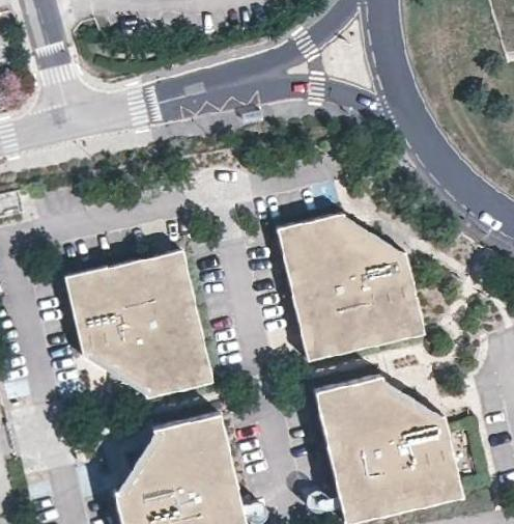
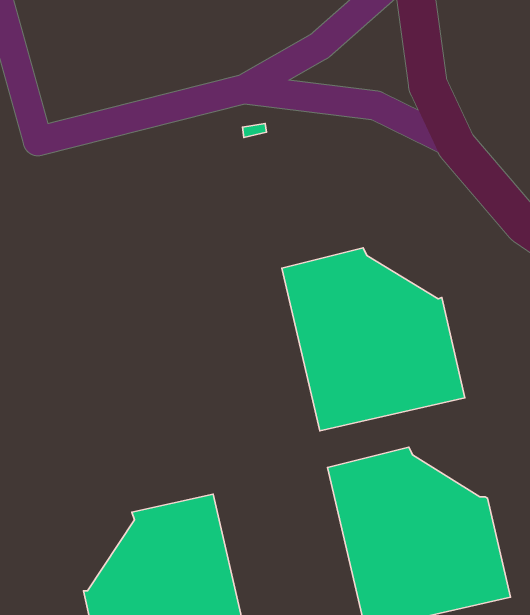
building: [64,250,211,398] -> none

